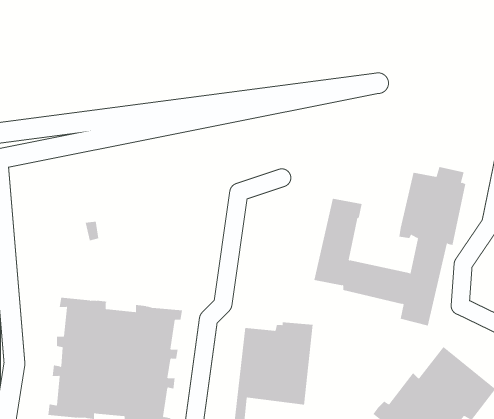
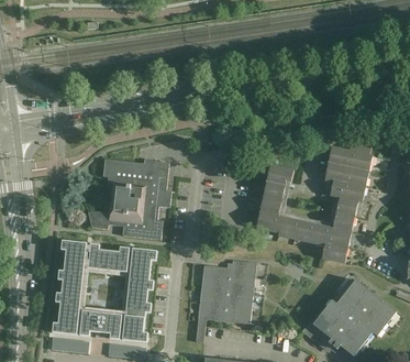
building: none -> [87,157,171,238]

